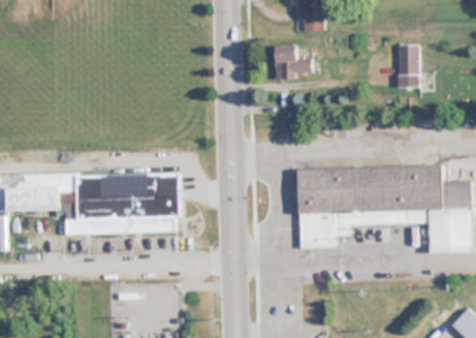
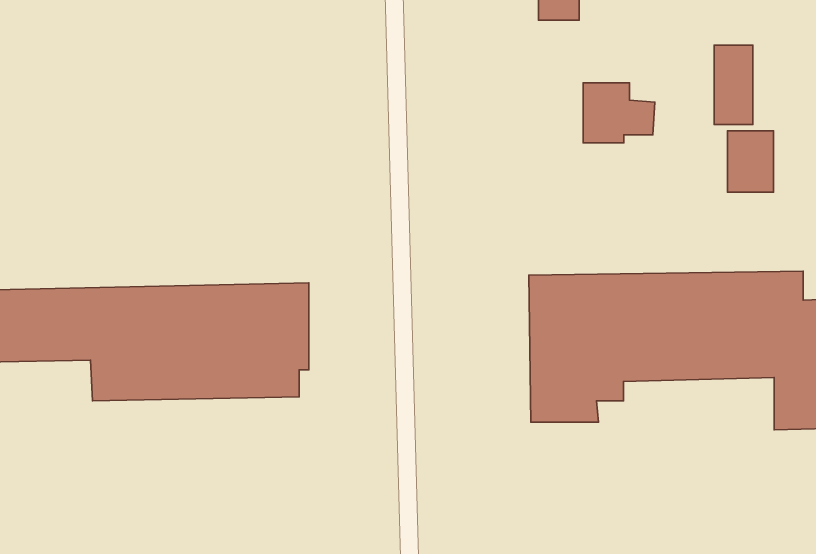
building: [277,47,315,79] -> [583,83,655,143]
building: none -> [728,131,774,192]

